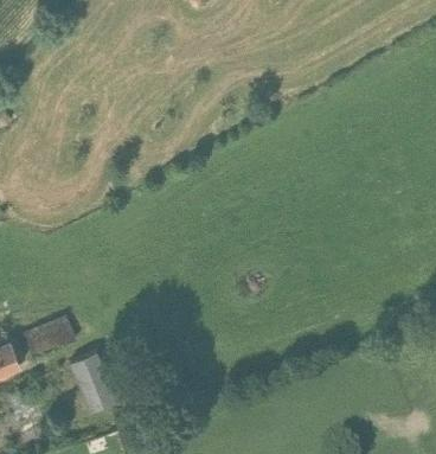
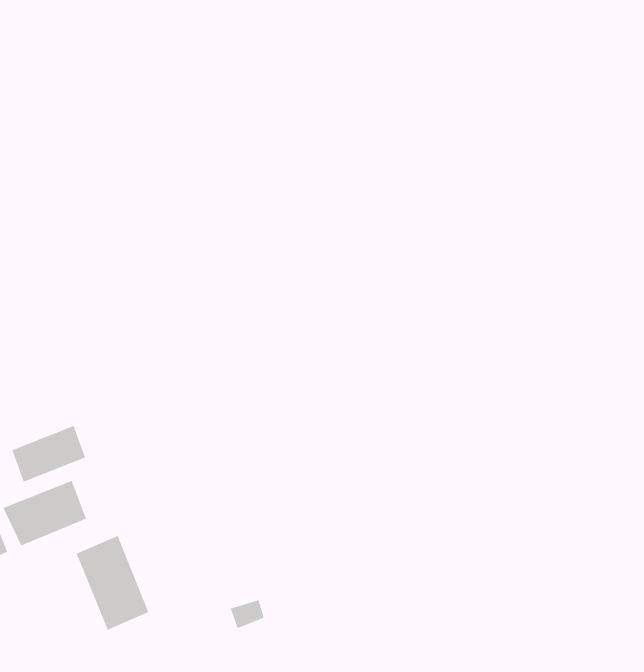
building: none -> [11,425,86,483]

